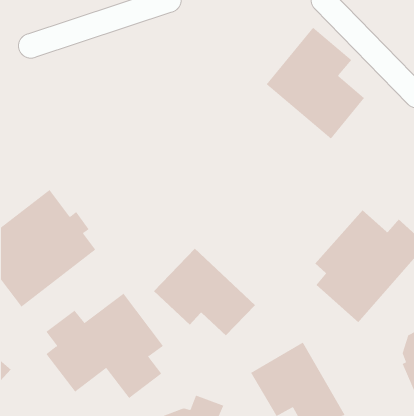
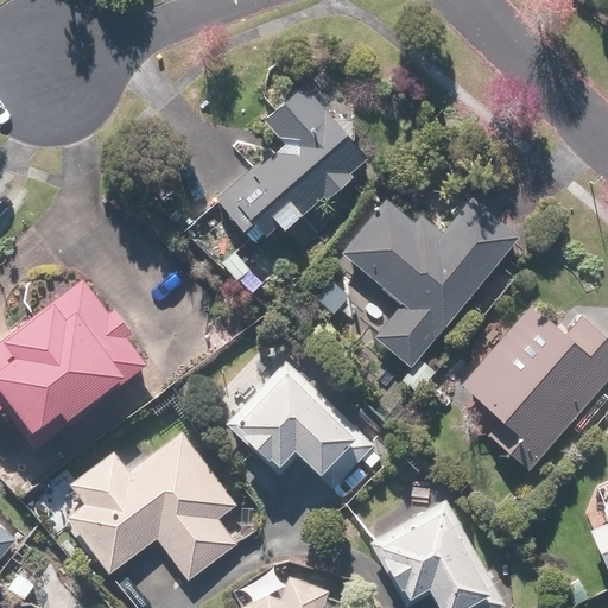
building: [266,27,365,139] -> none
building: none -> [220,87,369,243]
building: none -> [341,198,519,367]

